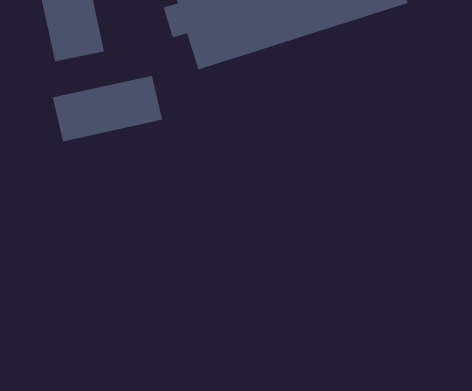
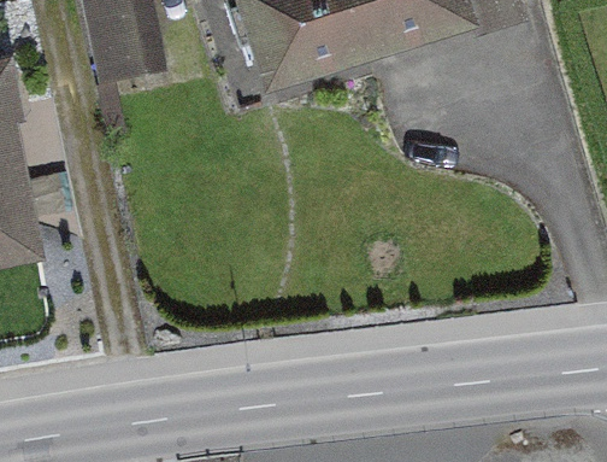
building: [52,75,163,142] -> none

